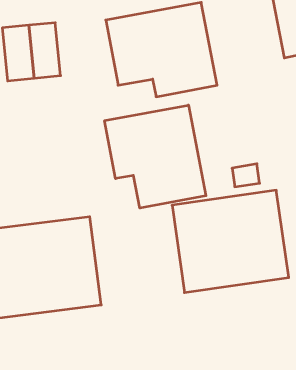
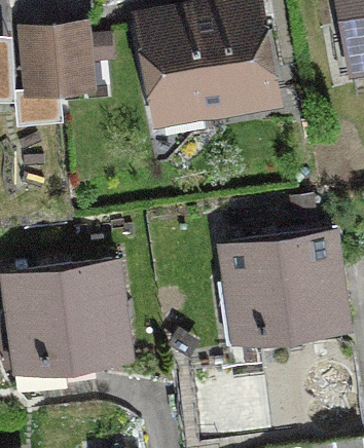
building: [105,105,206,208] -> none

